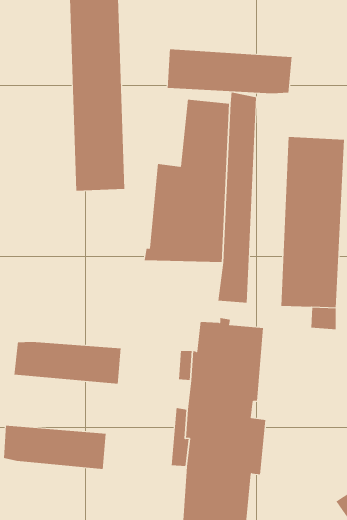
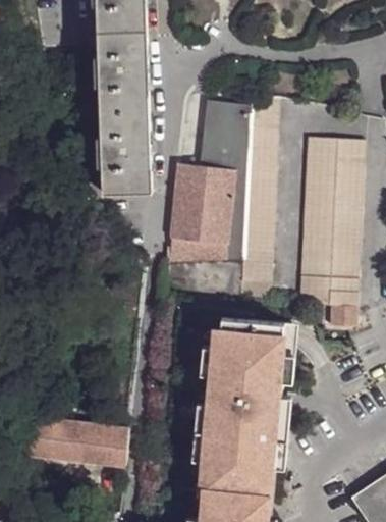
building: [167,49,292,94] -> none
building: [14,341,121,384] -> none

